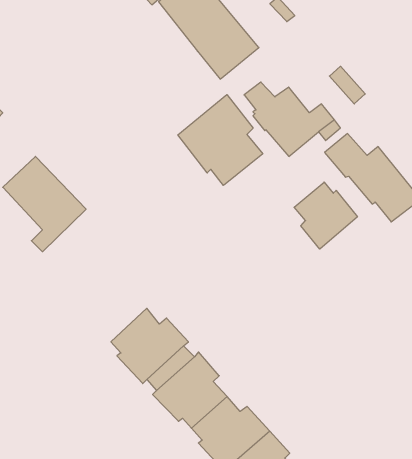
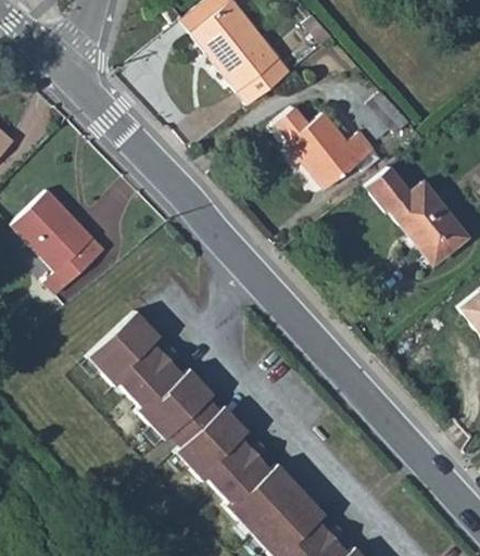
building: [178,95,263,185] -> none
building: [294,182,357,249] -> none
building: none -> [88,311,169,394]

